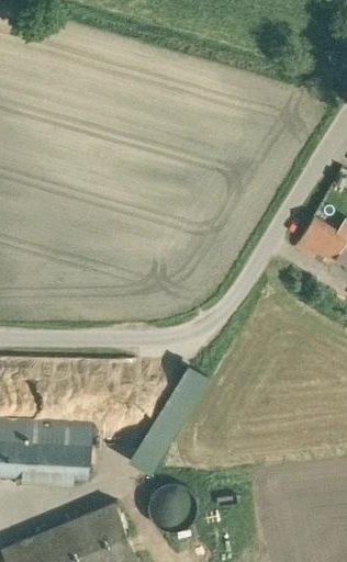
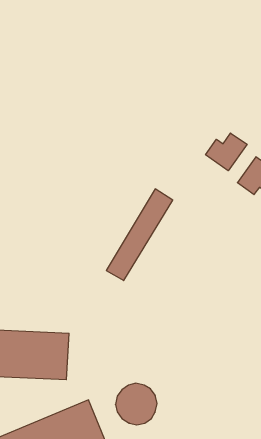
building: none -> [206,133,247,171]
building: [130,364,209,473] -> [106,189,173,281]

